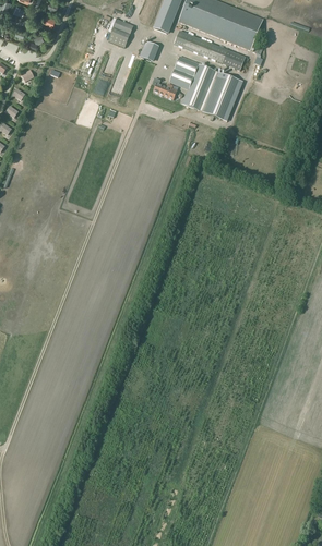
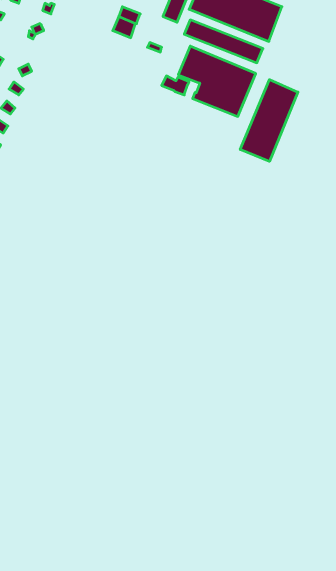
building: none -> [240,80,298,161]

